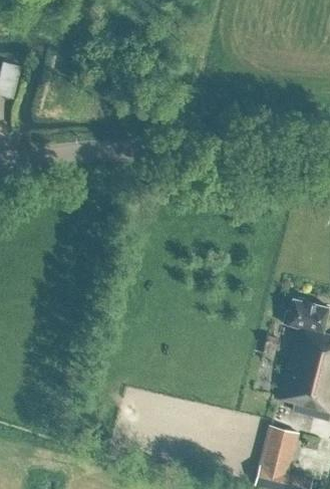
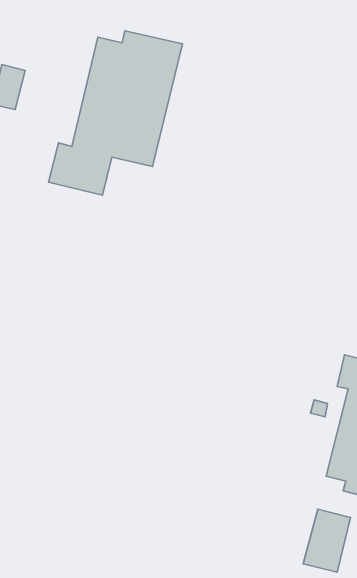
building: none -> [48,31,182,195]

